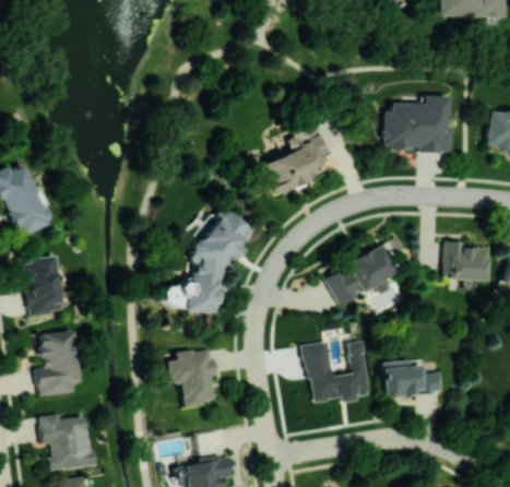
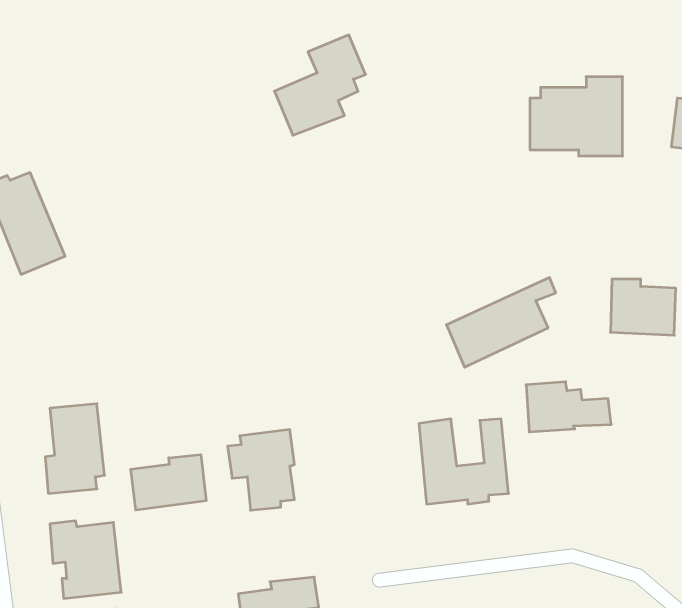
building: [261,124,327,197] -> [274,35,366,135]
building: [165,210,253,314] -> none
building: [23,258,61,316] -> none
building: [382,360,443,396] -> [526,382,611,432]
building: none -> [131,455,206,510]

